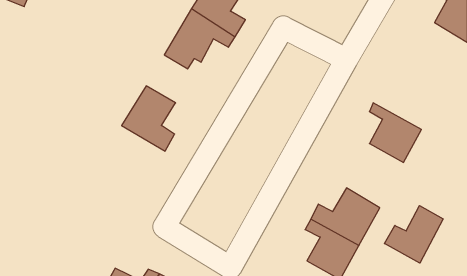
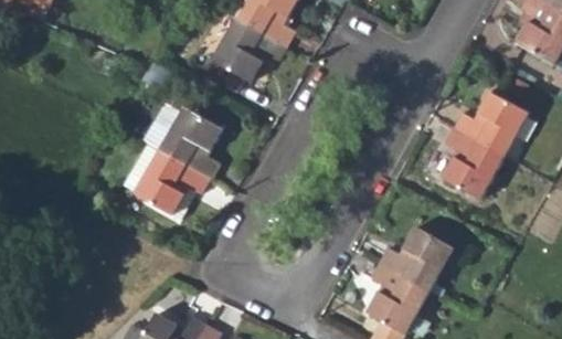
building: none -> [449,89,532,159]
building: none -> [134,155,206,212]
building: [384,206,443,263] -> none

